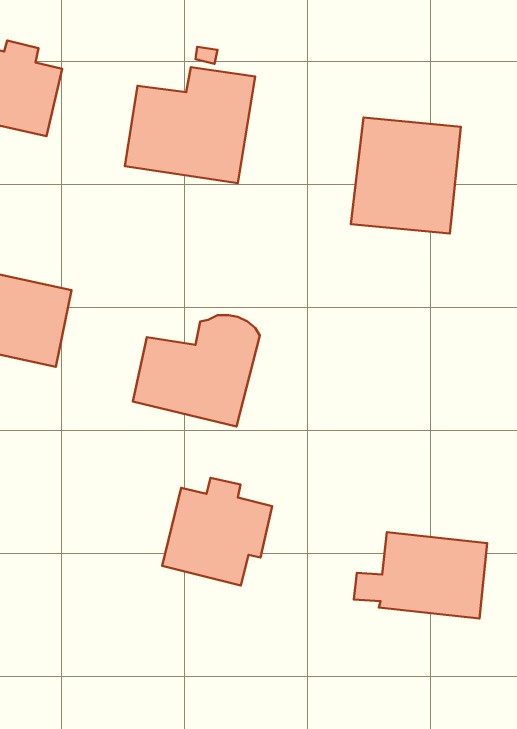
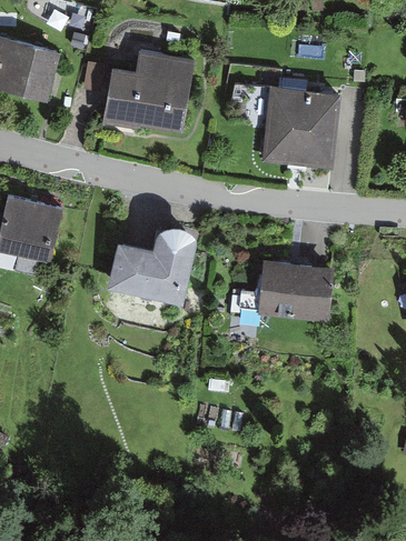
building: [162,478,272,586] -> none
building: [354,532,487,618] -> [238,261,333,322]

